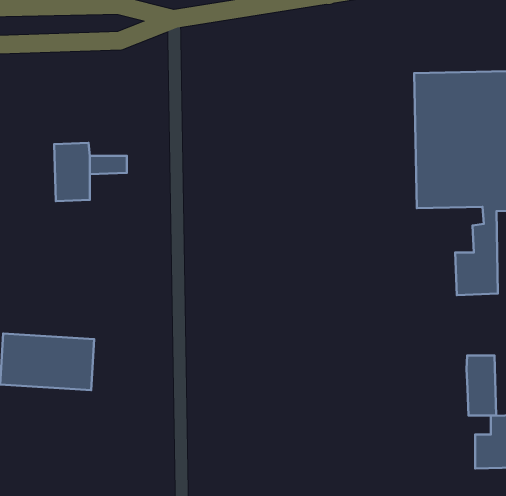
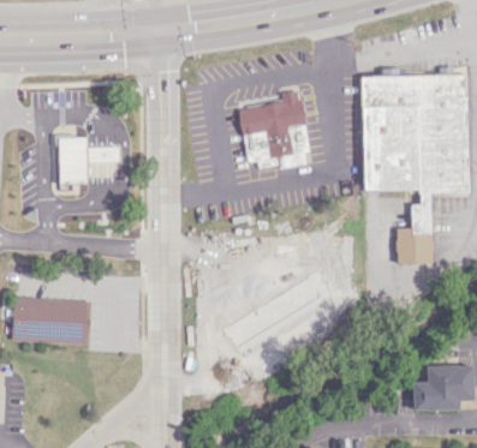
building: none -> [239,89,310,169]
building: [467,355,496,416] -> none

